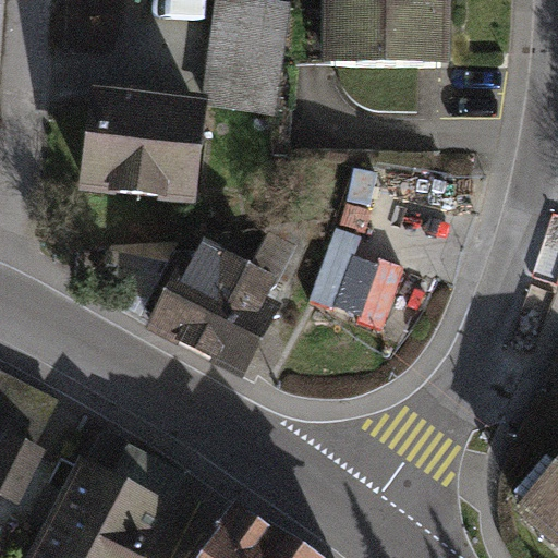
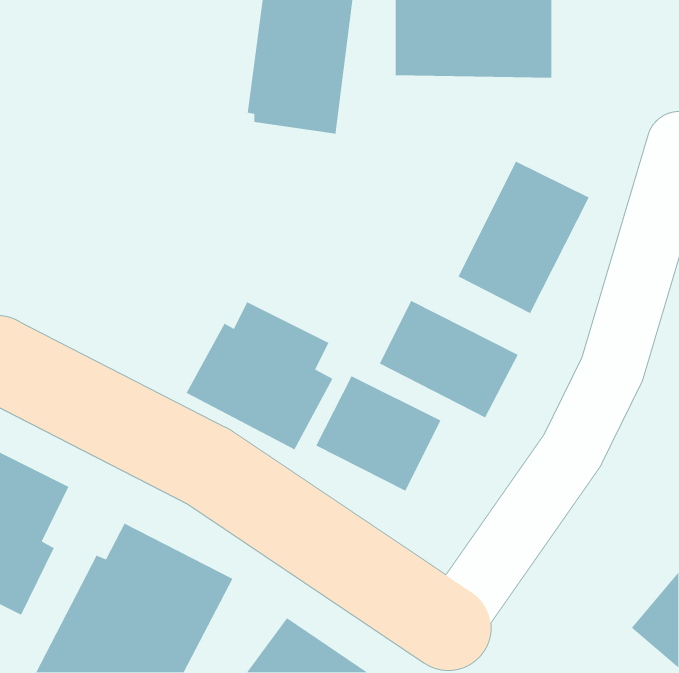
building: [78,80,207,203] -> none
building: none -> [457,161,590,314]
building: none -> [315,375,441,492]

